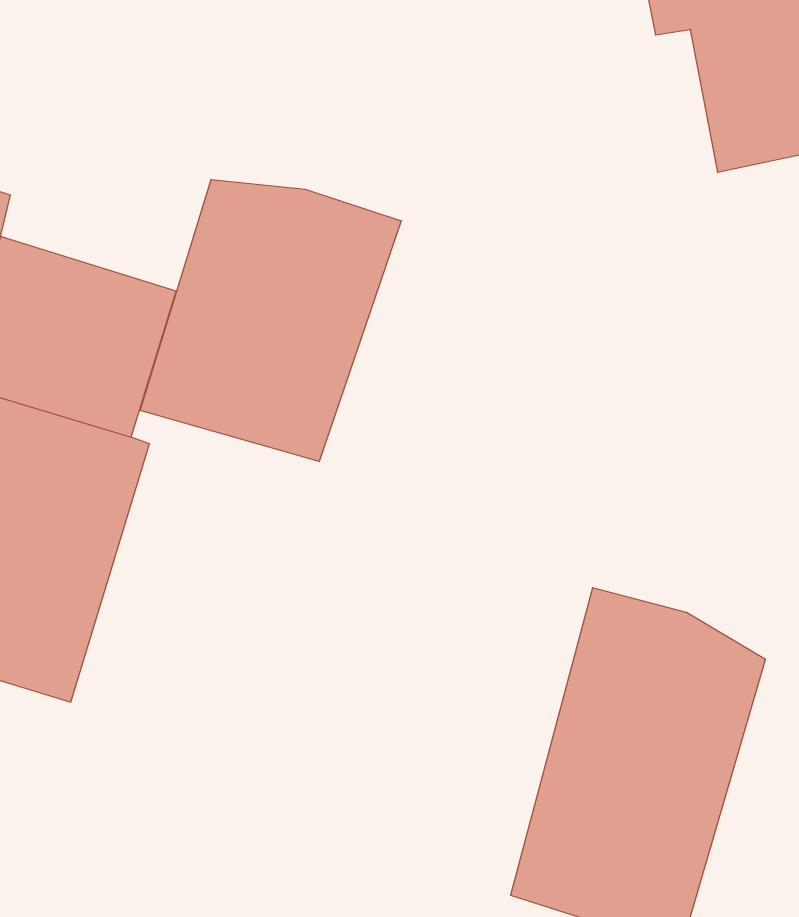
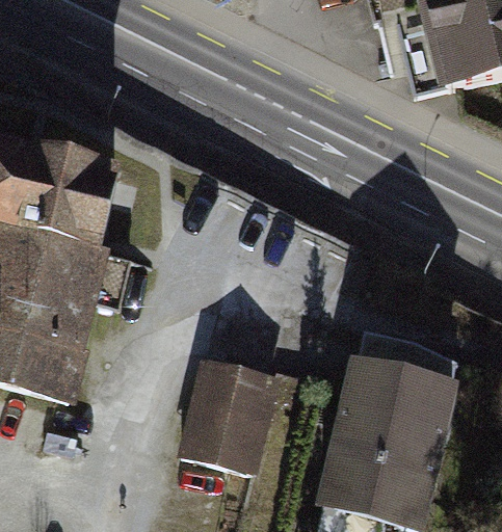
building: [140,179,401,462] -> none
building: none -> [179,361,268,469]

